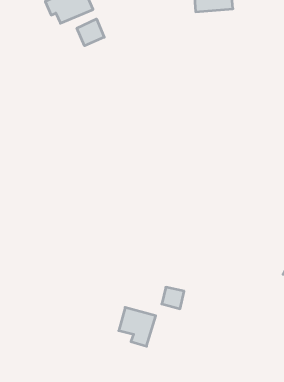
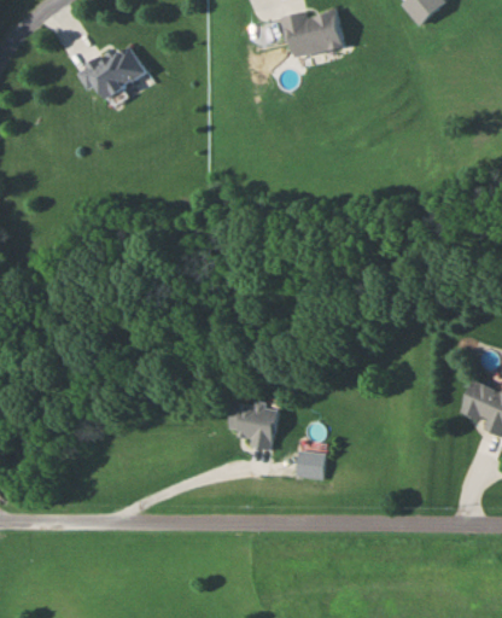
building: [77,19,104,46] -> none
building: [119,307,156,346] -> [230,400,280,450]

